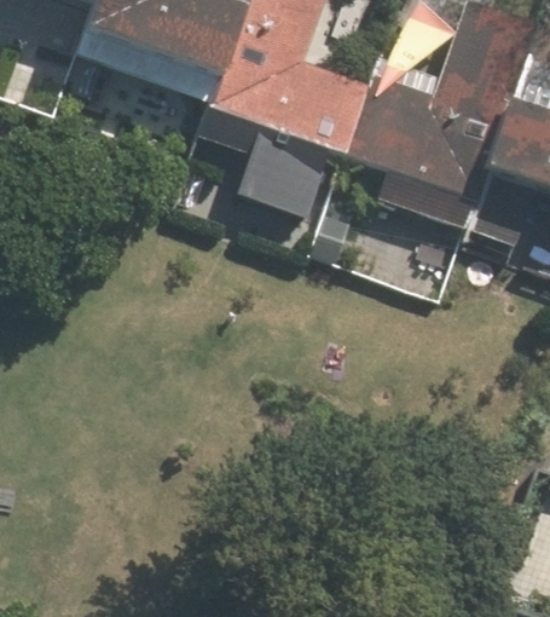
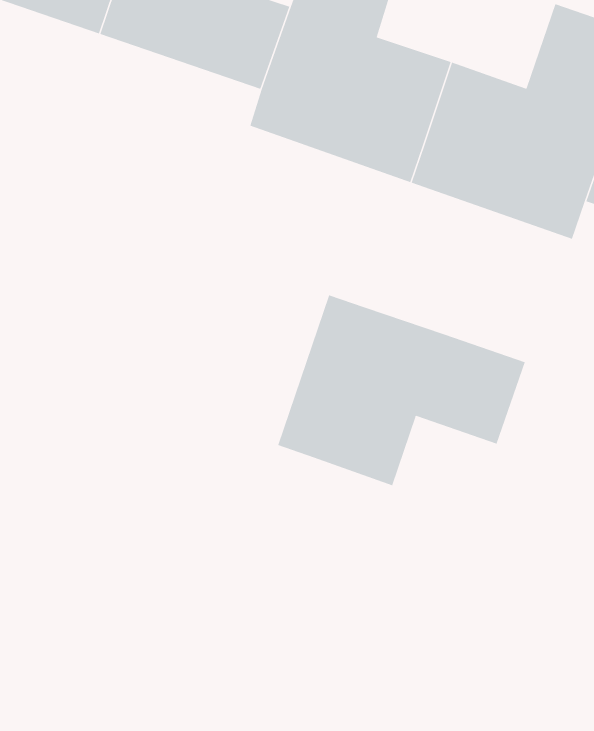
building: none -> [278,294,525,486]

